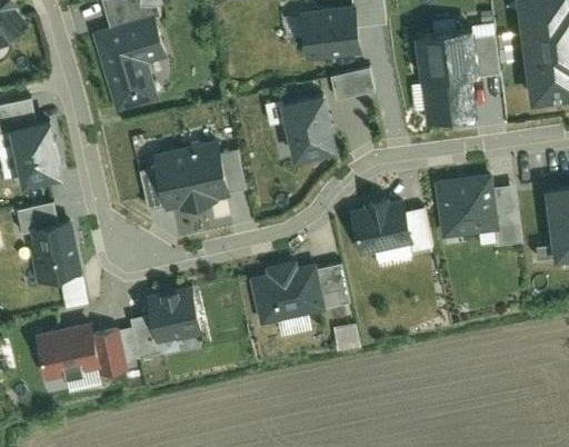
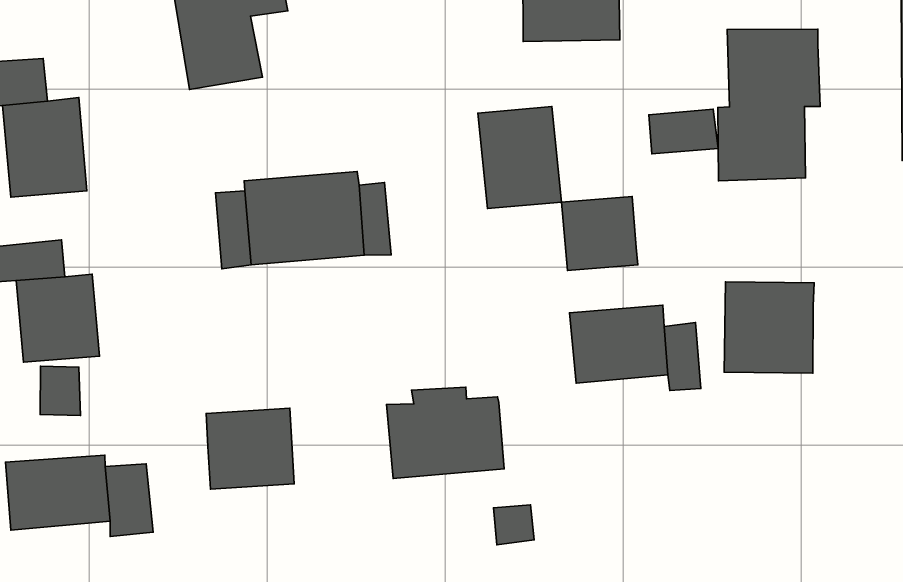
building: [475,38,498,76] -> none
building: [330,69,372,99] -> [649,109,718,154]
building: none -> [562,196,638,271]
building: [490,188,519,245] -> none
building: [316,264,348,307] -> none
building: [132,315,158,355] -> none

